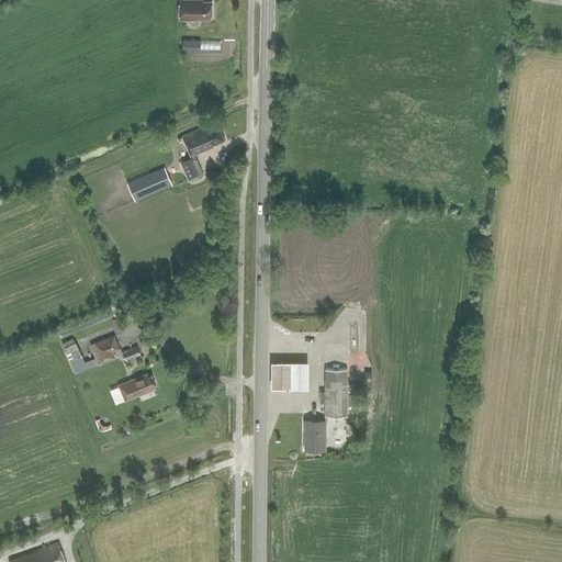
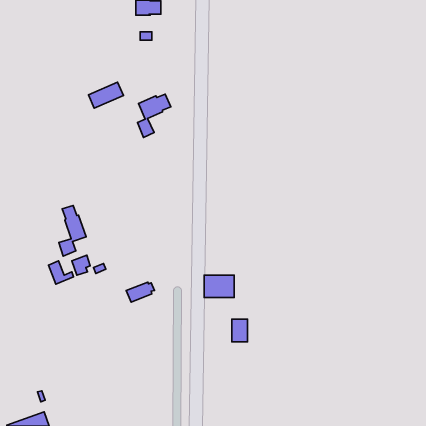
building: [126,167,172,201] -> [88,82,123,108]
building: none -> [59,205,86,256]
building: [325,369,348,416] -> none
building: [119,374,156,401] -> [126,282,154,302]

